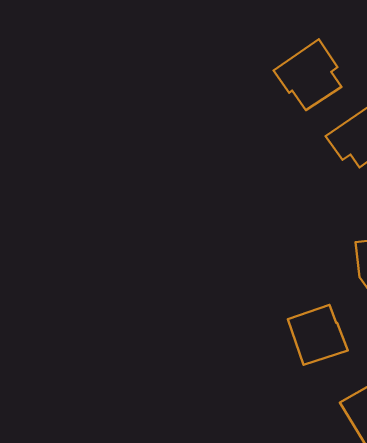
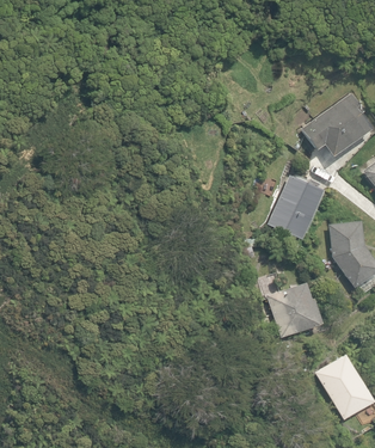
building: [273,39,341,110] -> none
building: none -> [269,176,324,239]

